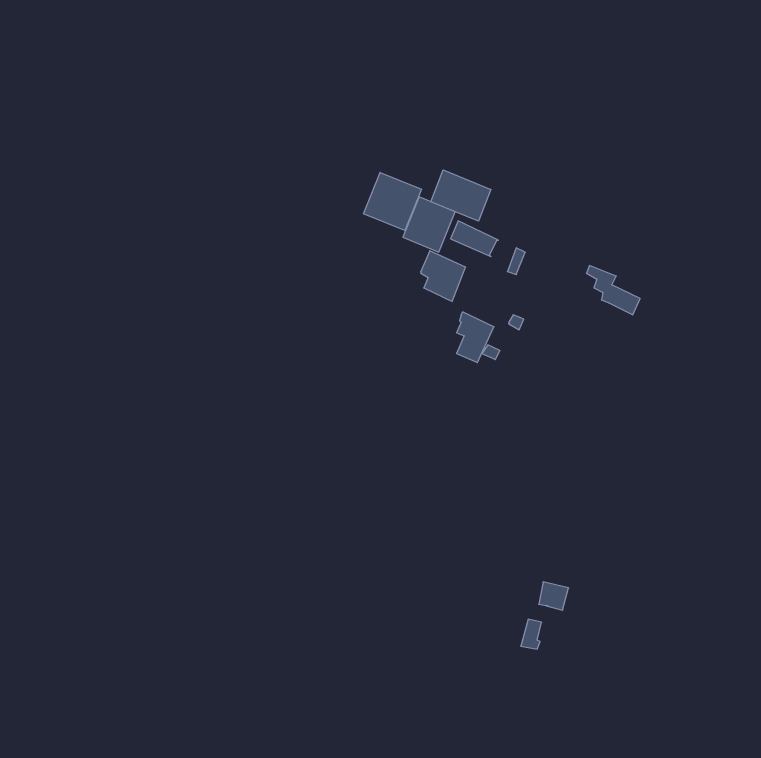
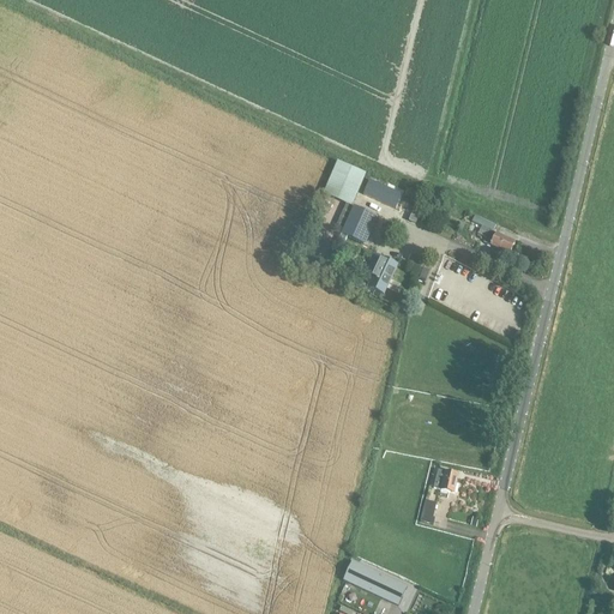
building: [431,170,491,221] -> none
building: [364,172,421,231] -> none
building: none -> [342,559,407,604]

